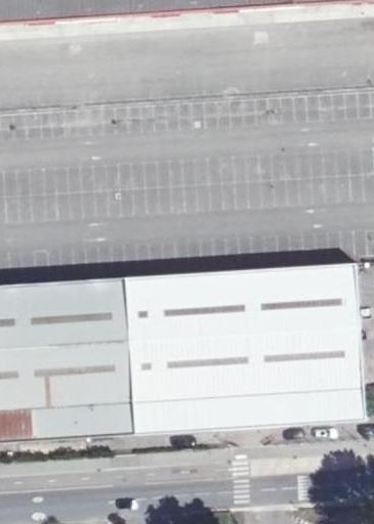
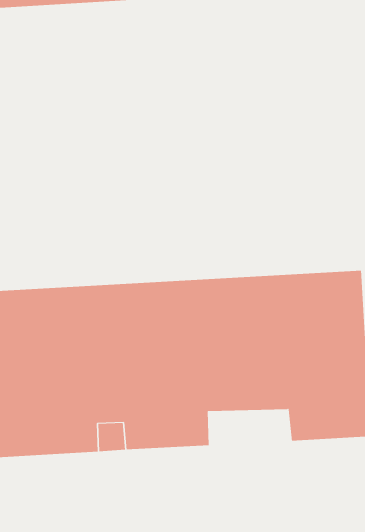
building: [213,394,291,428] -> none

